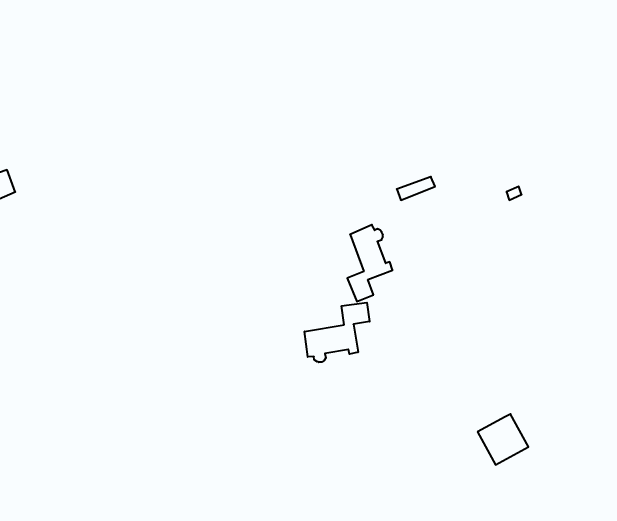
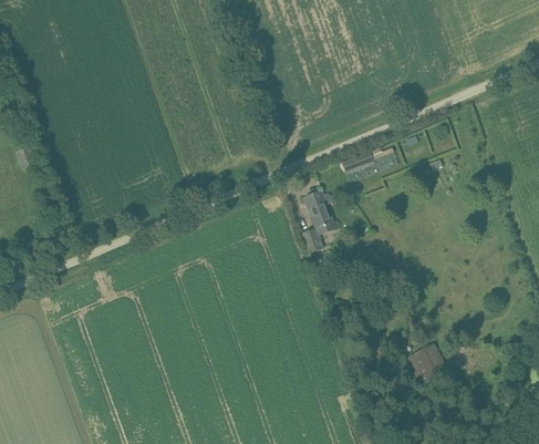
building: [305,303,370,362] -> none

